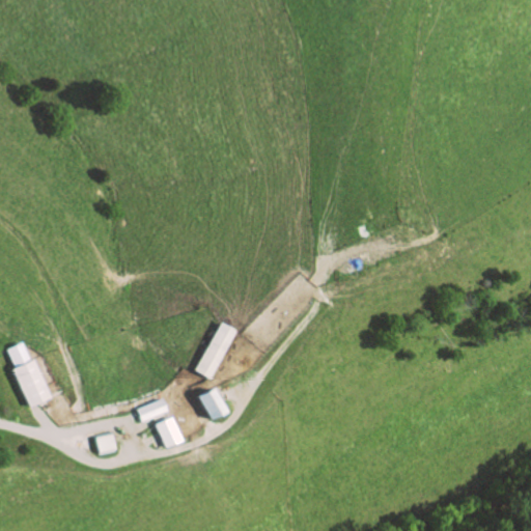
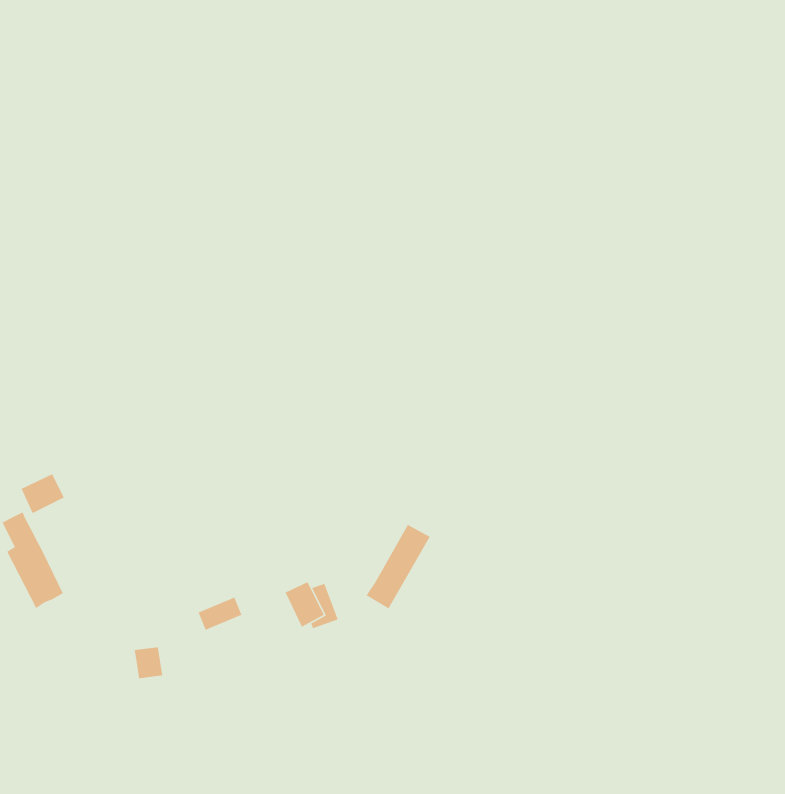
building: none -> [21,473,65,514]
building: [196,322,240,379] -> [365,524,431,609]
building: [156,417,180,446] -> none

